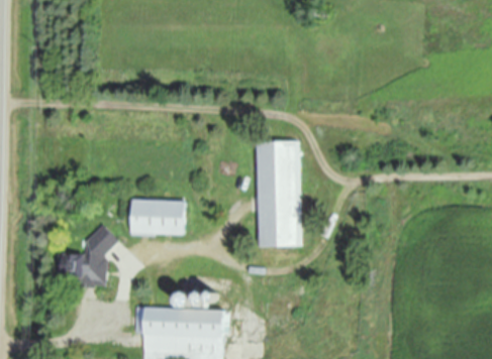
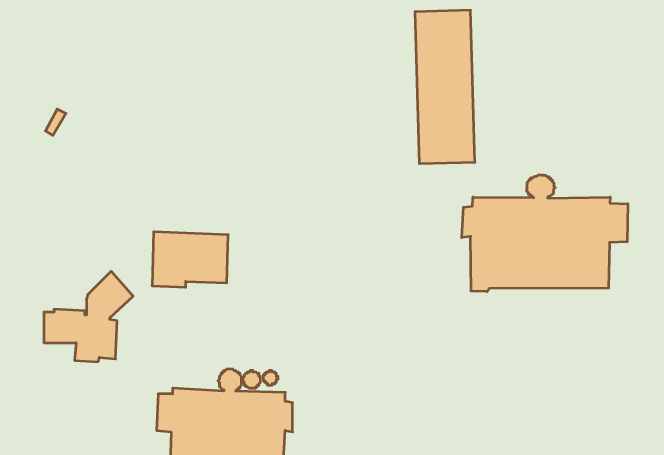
building: [257,139,298,245] -> [415,10,475,164]
building: none -> [462,175,628,292]

